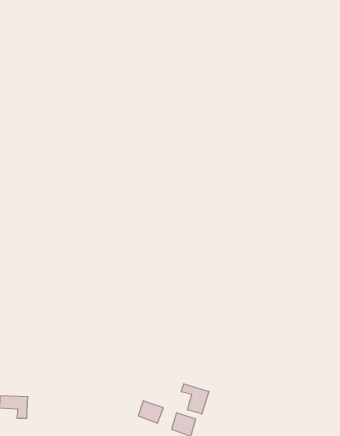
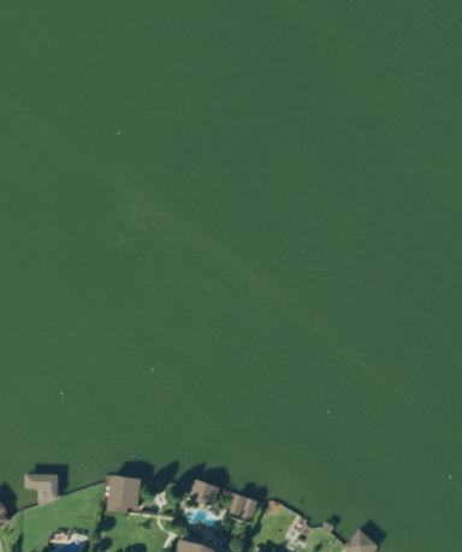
building: [181,384,209,414] -> none
building: none -> [107,474,140,510]

